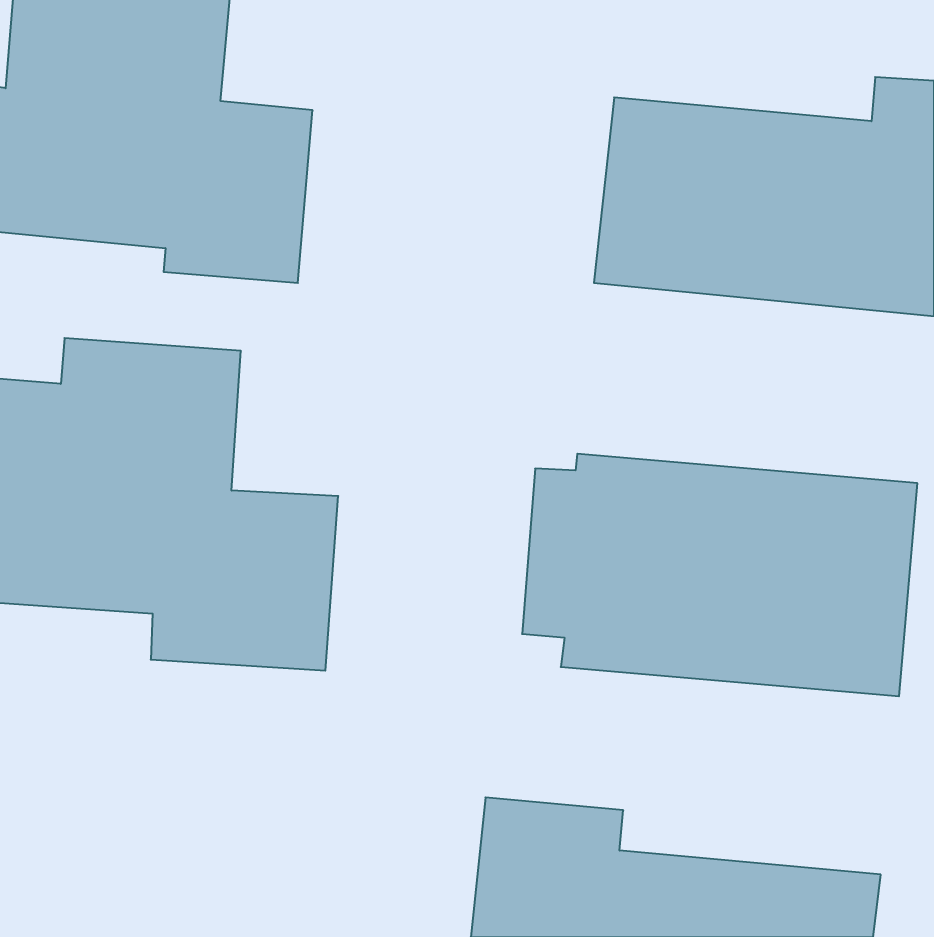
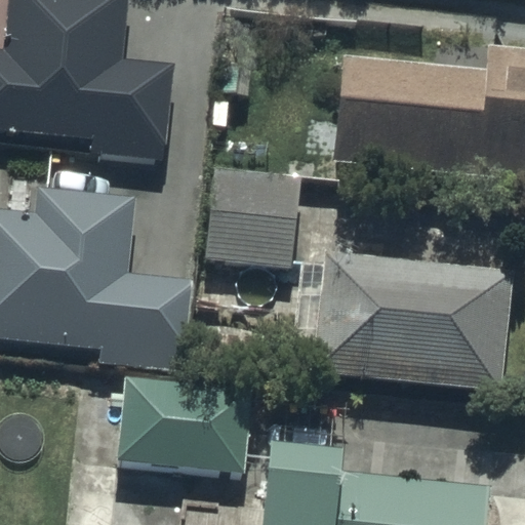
building: none -> [205,173,299,269]
building: none -> [118,379,250,468]

